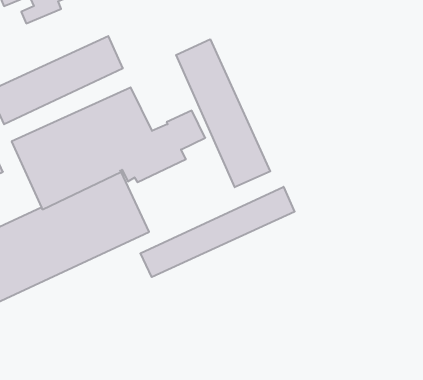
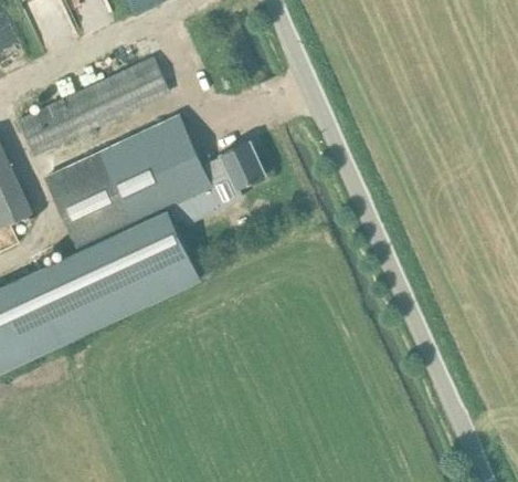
building: [176,39,270,187] -> none
building: [140,187,295,277] -> none

